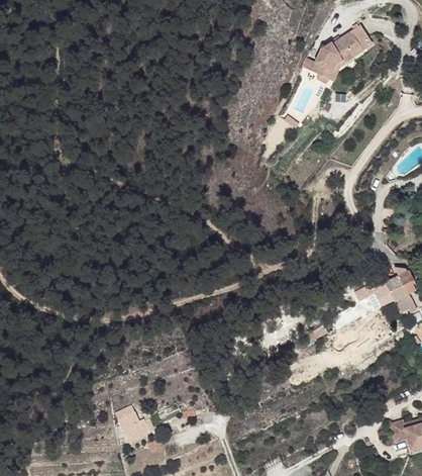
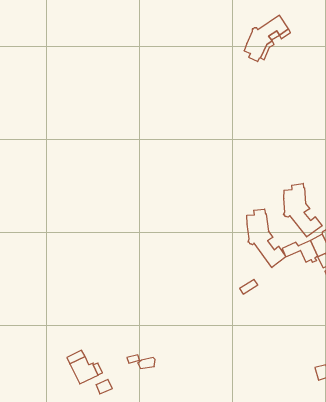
building: none -> [284,183,322,237]
building: none -> [247,209,286,268]

